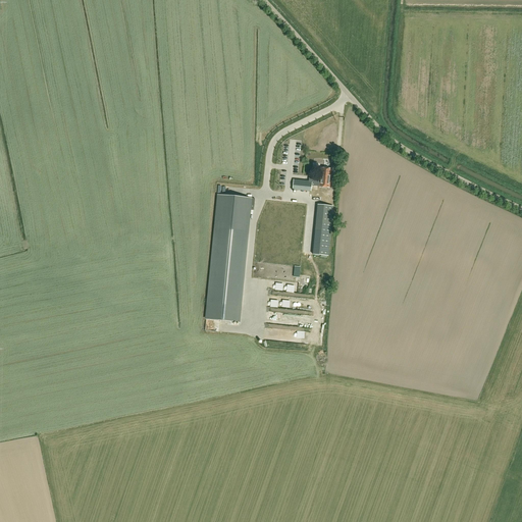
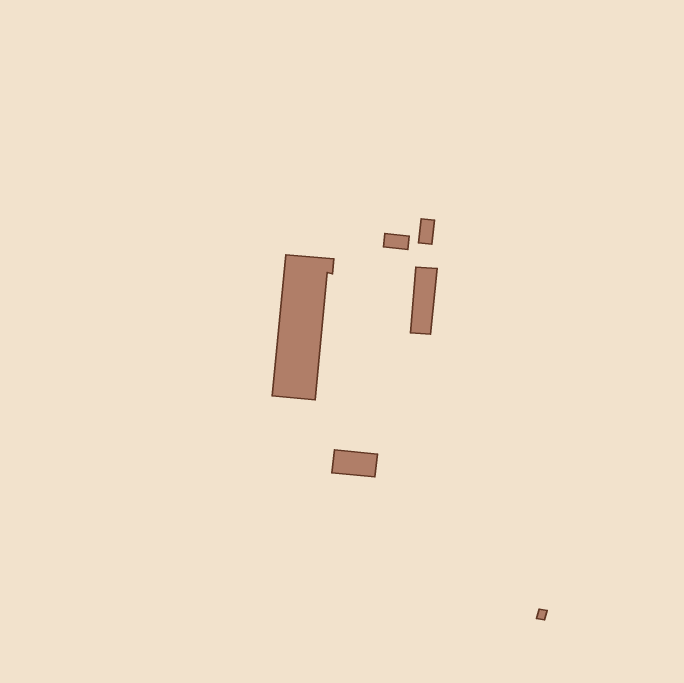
building: [205,301,240,321] -> [332,450,378,477]

